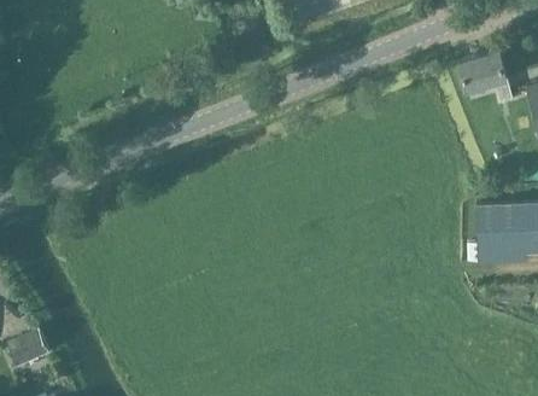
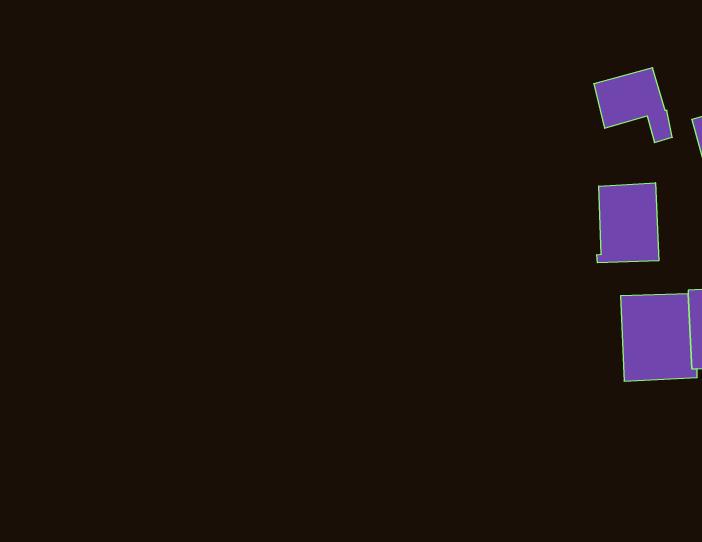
building: none -> [597,183,659,263]

